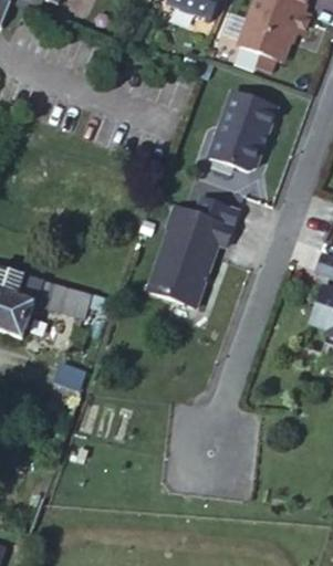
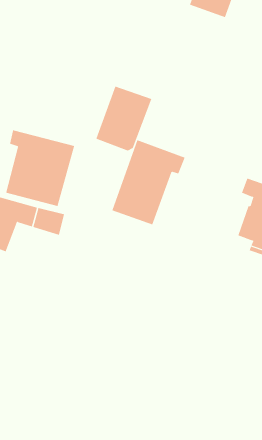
building: [210,92,278,169] -> [95,86,152,151]
building: none -> [5,129,75,207]

